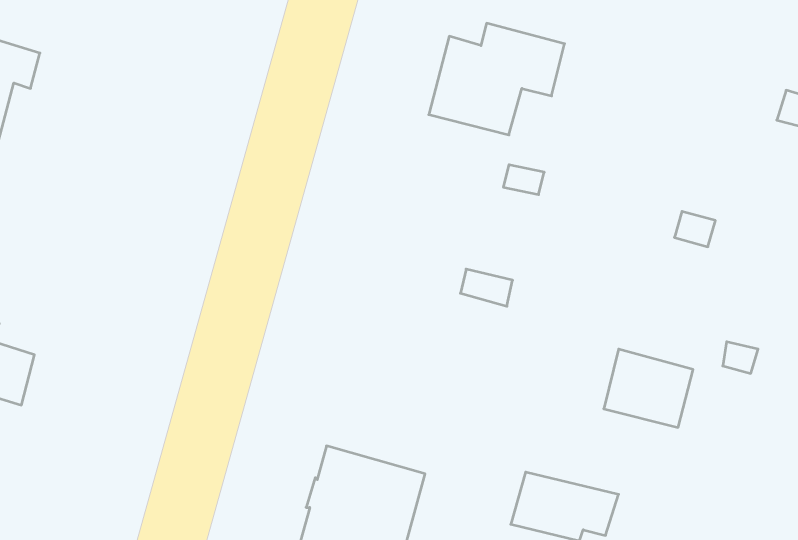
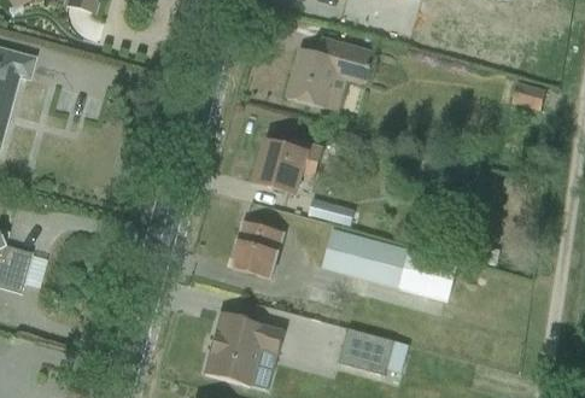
building: none -> [255,136,322,193]
building: none -> [230,221,283,277]
building: none -> [322,227,406,286]

